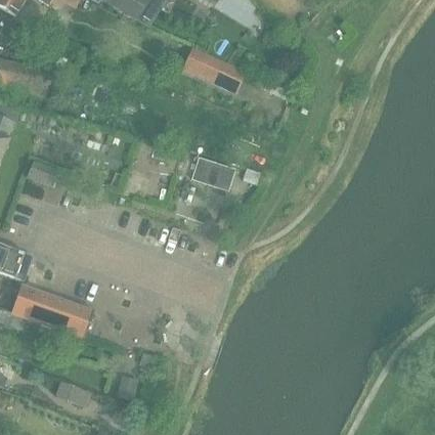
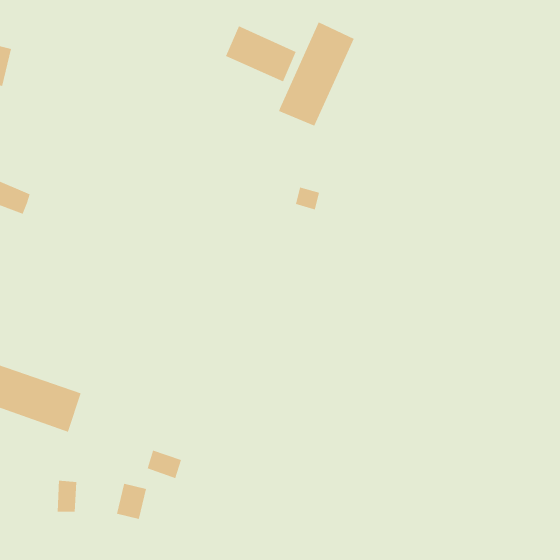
building: none -> [278,22,355,126]
building: [191,158,233,189] -> none

